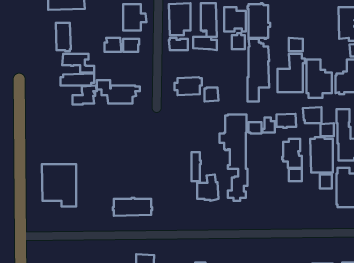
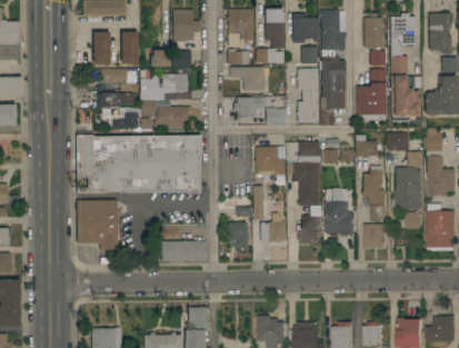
building: none -> [363,13,382,50]
building: none -> [390,13,415,73]
building: none -> [121,32,138,67]
building: none -> [229,67,265,91]
building: none -> [297,68,318,122]
building: none -> [140,70,188,100]
building: none -> [76,135,201,193]
building: none -> [255,147,285,181]
building: none -> [227,199,251,248]
building: none -> [325,202,352,236]
building: none -> [362,225,385,249]

